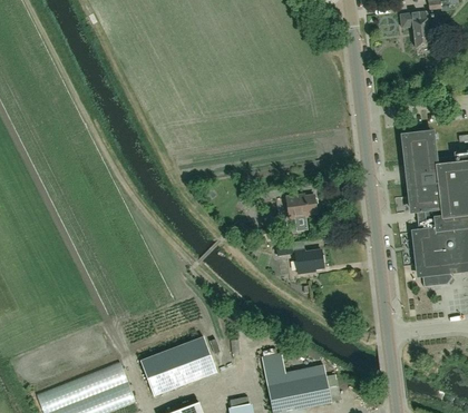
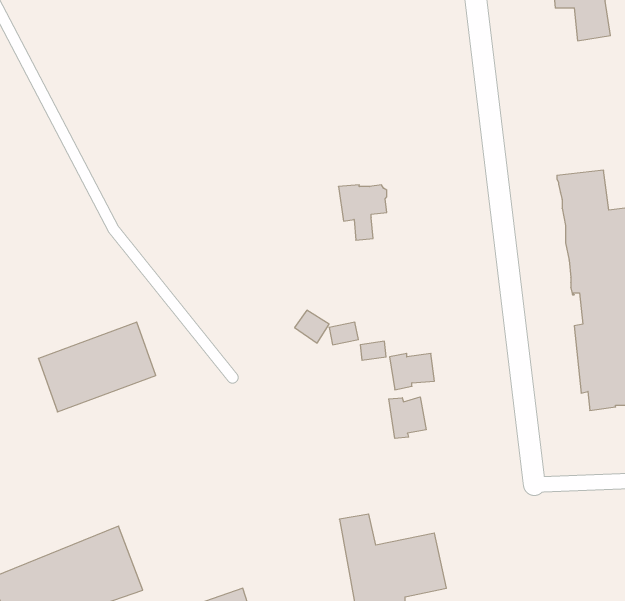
building: [285,195,316,230] -> [338,185,387,240]
building: none -> [389,397,426,438]
building: [140,337,216,395] -> [38,322,156,412]

